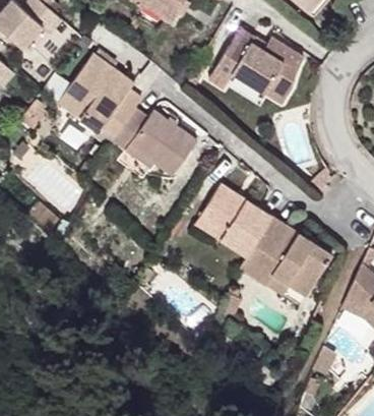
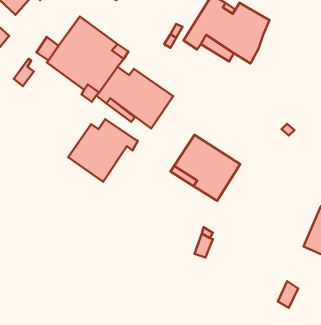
building: none -> [68,119,138,182]
building: [239,216,332,295] -> none

